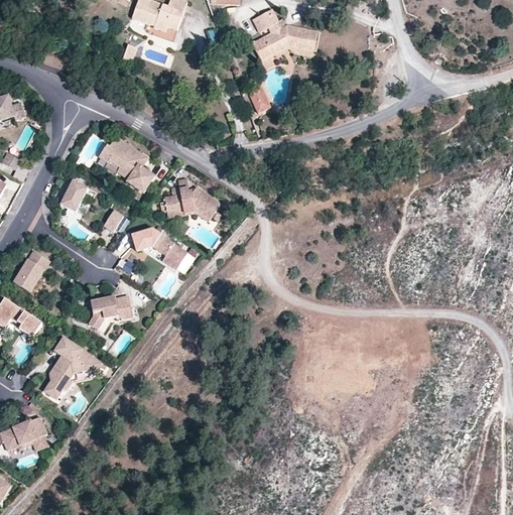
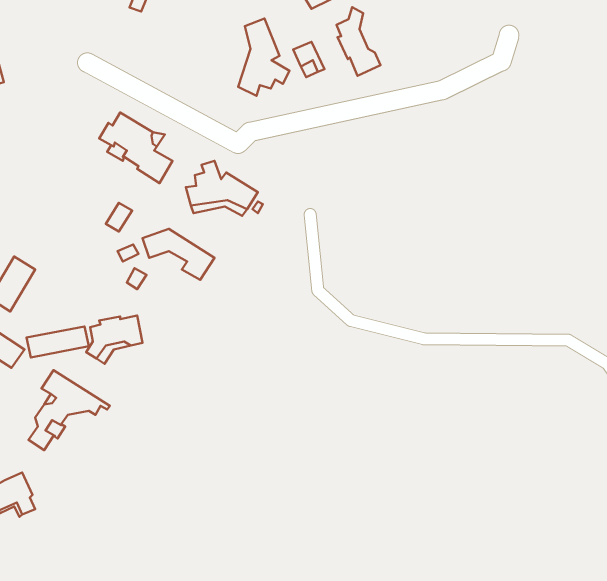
building: none -> [337,7,380,76]
building: none -> [238,19,290,96]
building: [58,179,94,214] -> none
building: none -> [26,326,89,357]

